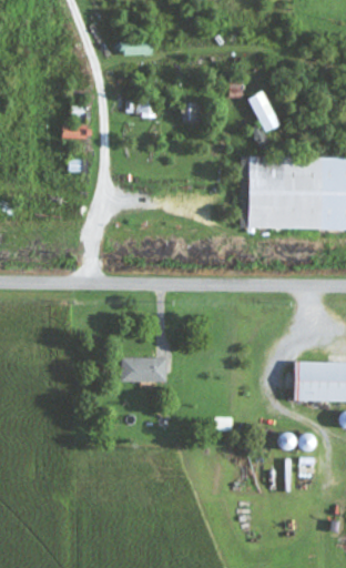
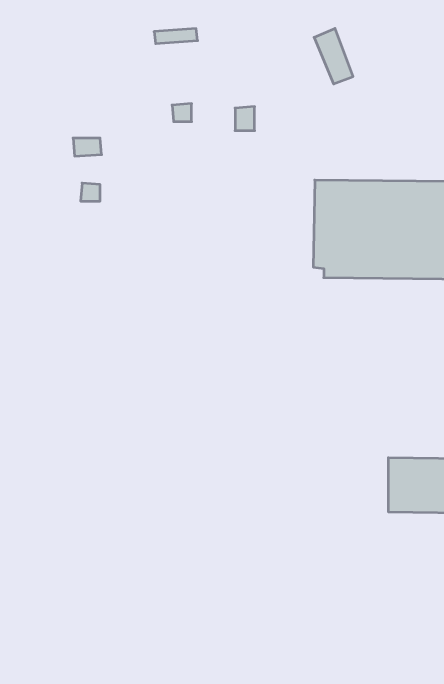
building: [250,92,278,133] -> [314,28,353,84]
building: [121,358,166,384] -> none

